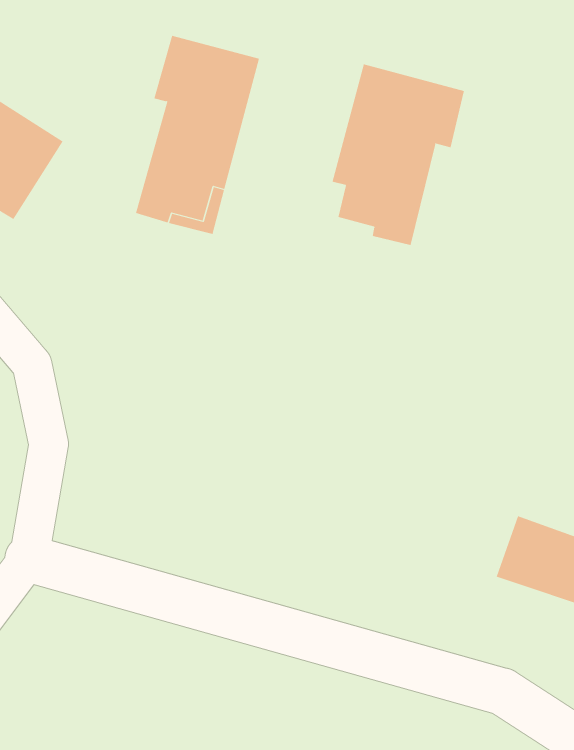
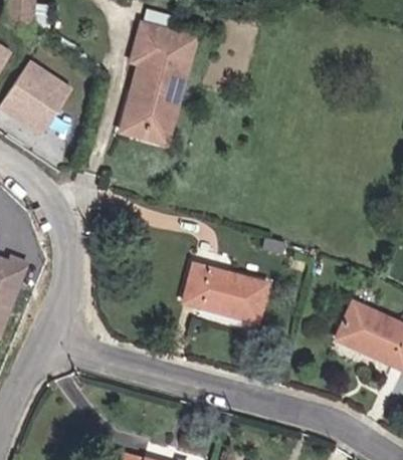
building: [332,64,464,246] -> none
building: none -> [181,253,270,316]

